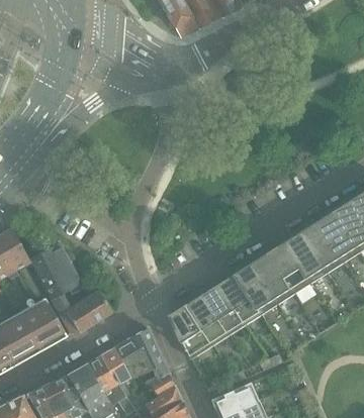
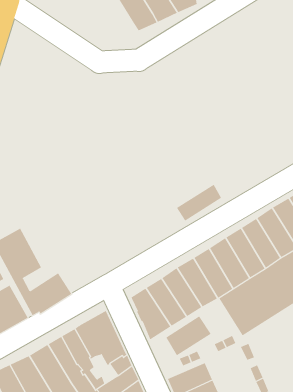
building: none -> [176,184,222,221]
building: none -> [166,316,212,356]

